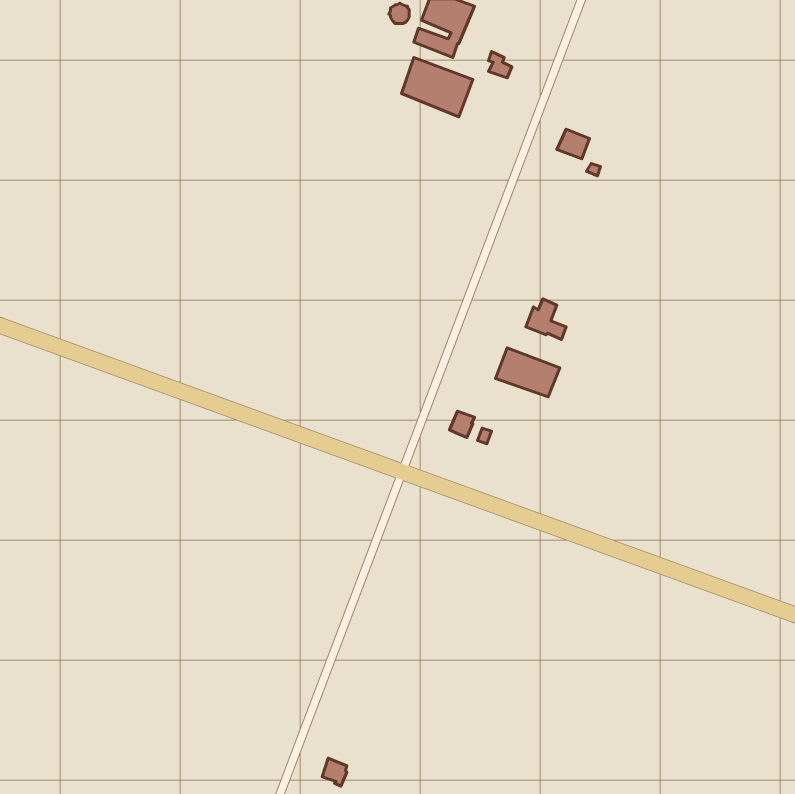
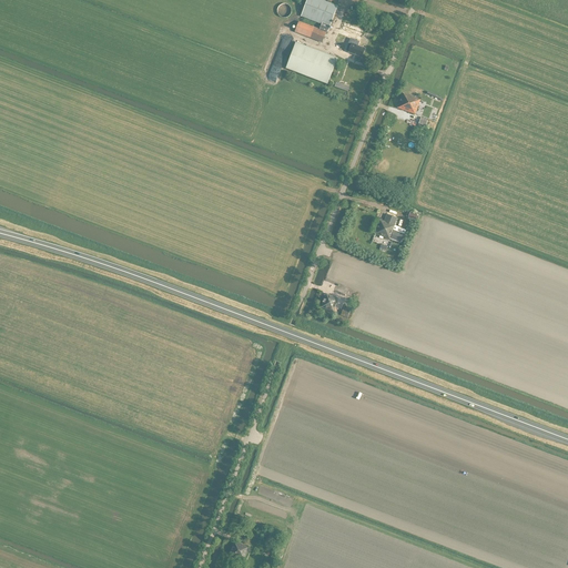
building: [496,348,560,397] -> none

